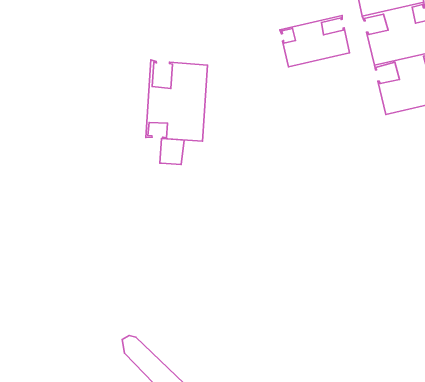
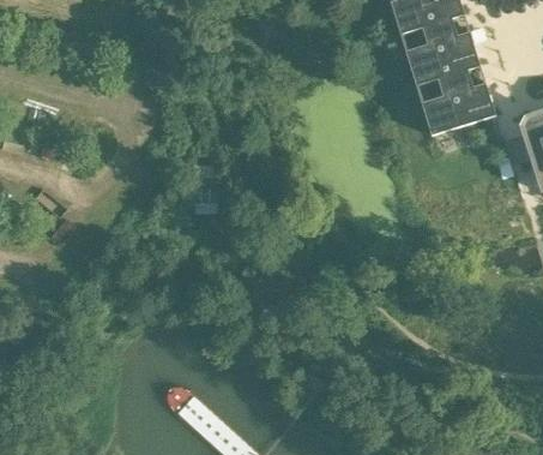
building: [280,15,350,67] -> none
building: [146,60,208,141] -> none

